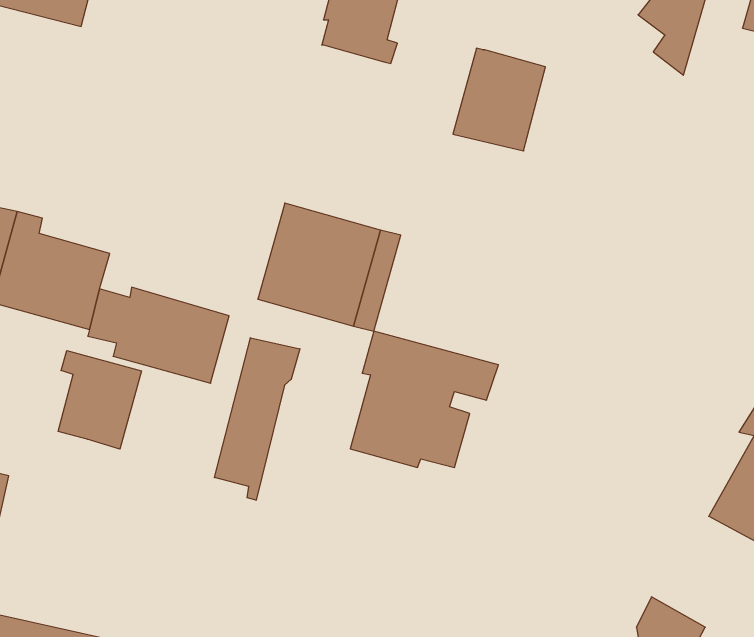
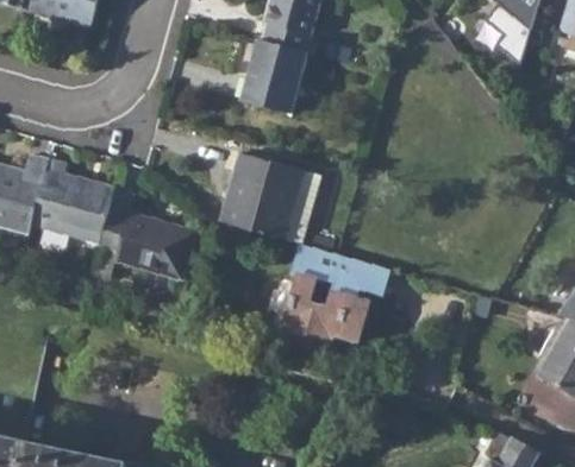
building: [453,48,545,151] -> [242,40,307,113]
building: [214,338,300,500] -> none
building: [58,351,141,449] -> none

